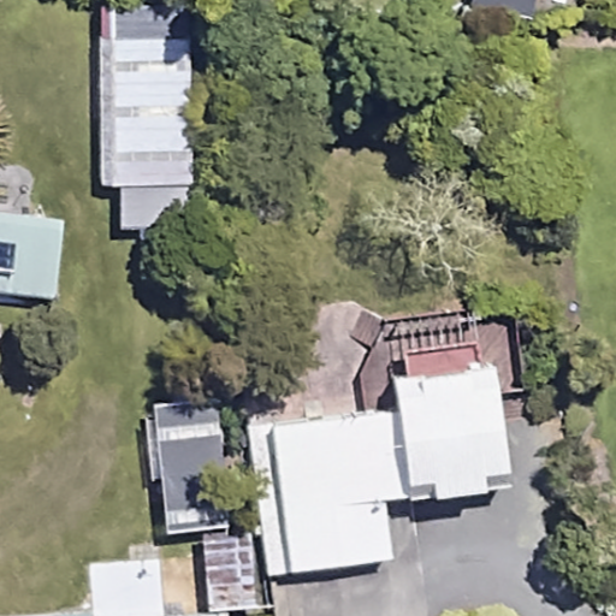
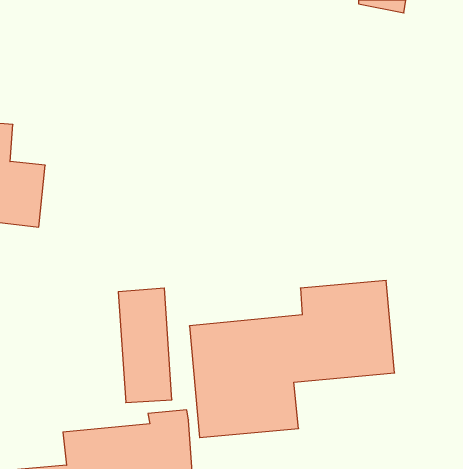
building: [111,12,185,186] -> none

